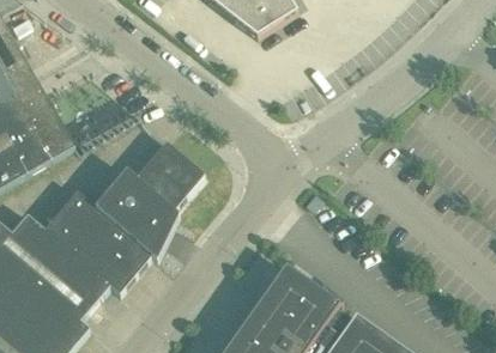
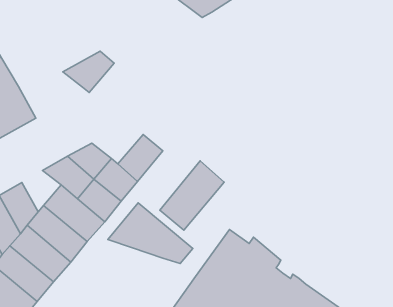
building: [132,150,188,195] -> [63,51,114,93]
building: none -> [160,161,224,230]
building: [55,202,98,248] -> none
building: none -> [108,203,193,264]

